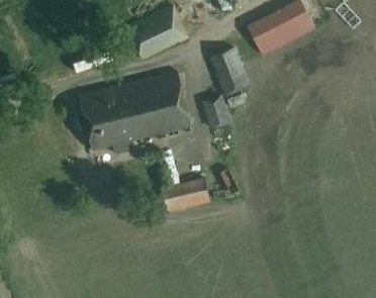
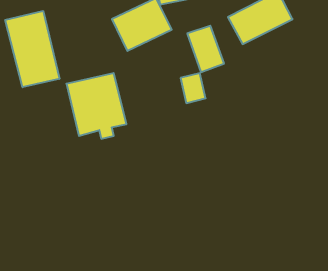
building: none -> [5,11,59,87]
building: [128,73,191,138] -> none
building: [162,178,210,213] -> none

